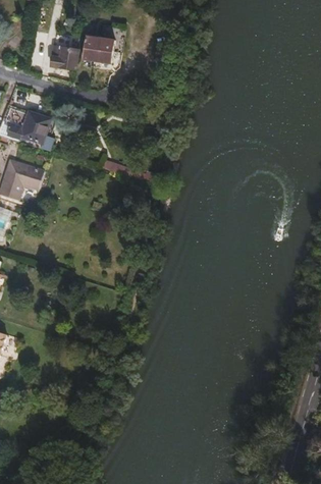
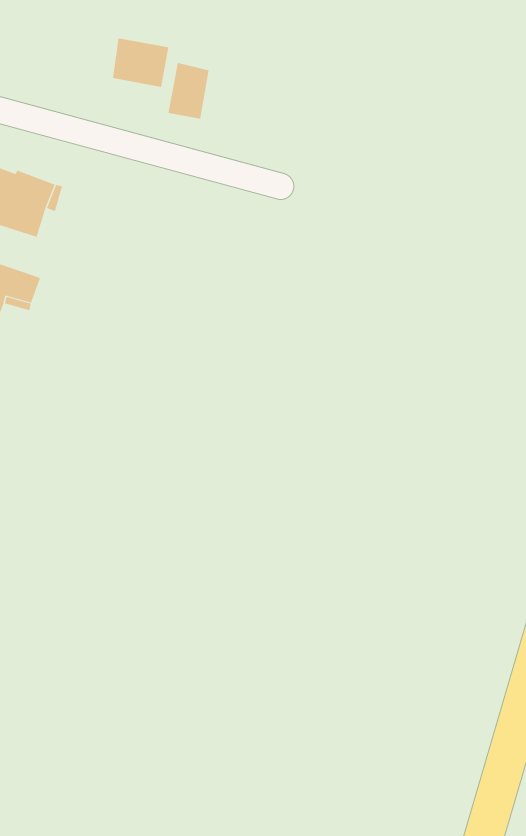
building: [50,47,77,70] -> none
building: none -> [168,62,209,120]

